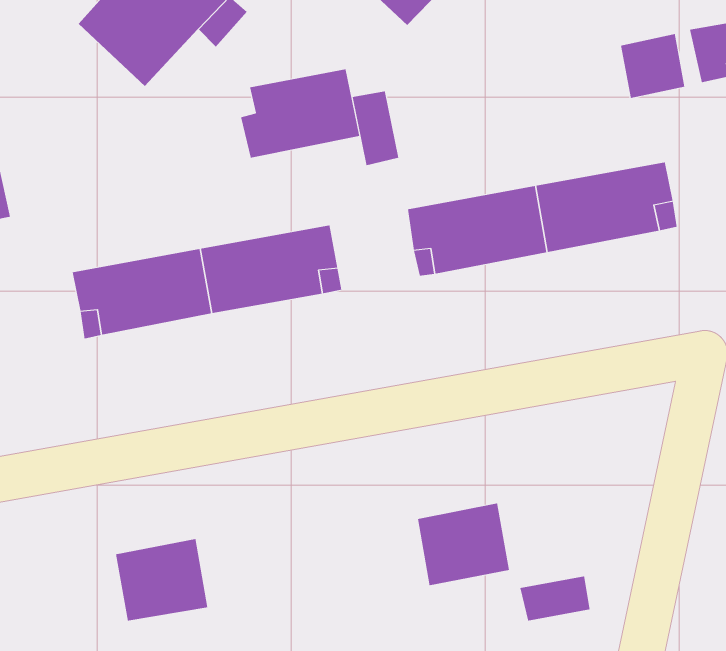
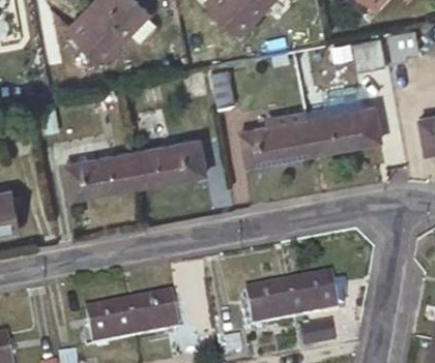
building: [241,69,360,158] -> none
building: none -> [287,273,339,316]
building: none -> [128,292,178,336]

